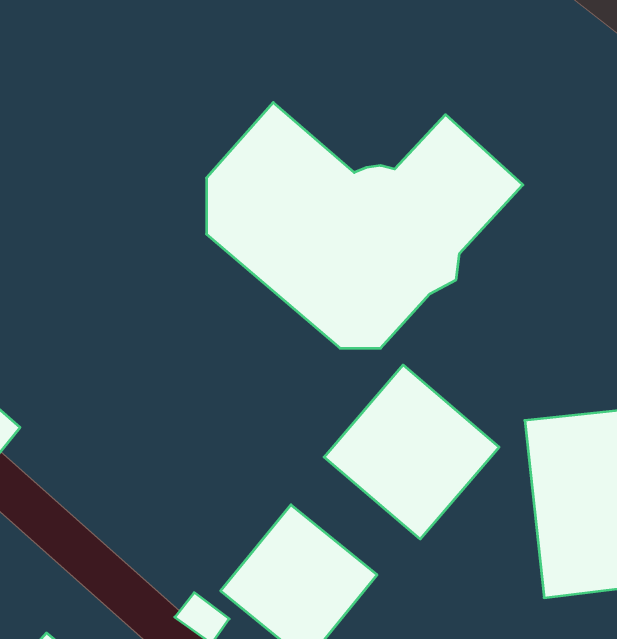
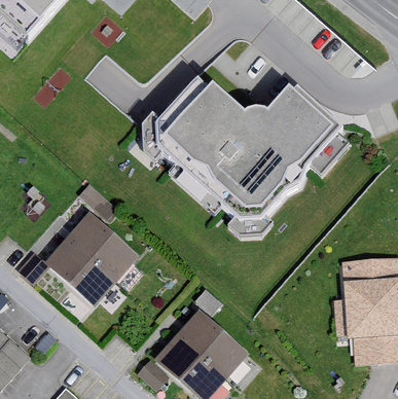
building: none -> [51,215,141,303]
building: [324,365,499,539] -> none

